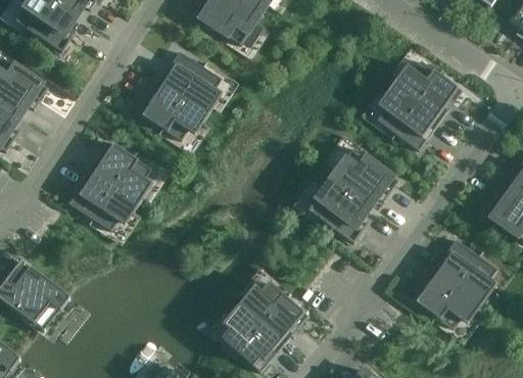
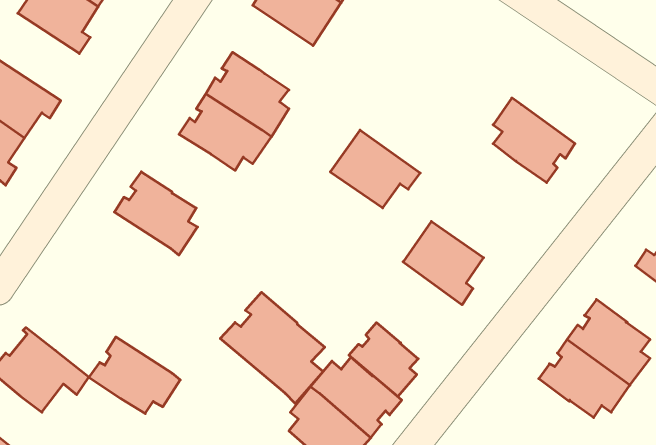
building: [391,59,462,119] -> none
building: [330,146,398,205] -> [330,130,420,208]
building: [68,171,138,229] -> [89,337,180,414]
building: none -> [220,292,325,404]
building: none -> [349,323,418,396]

